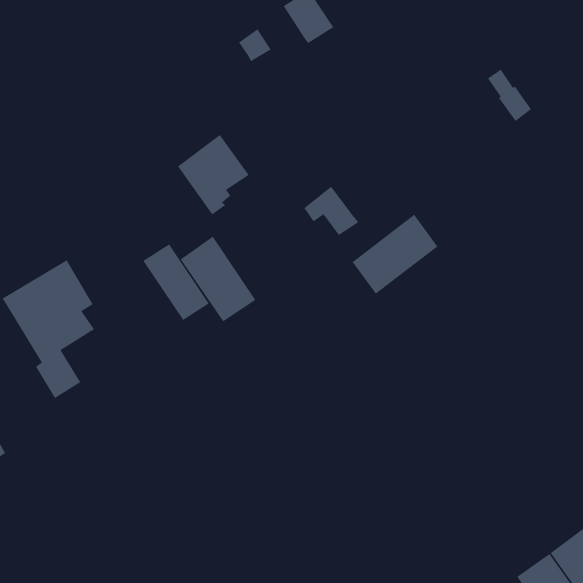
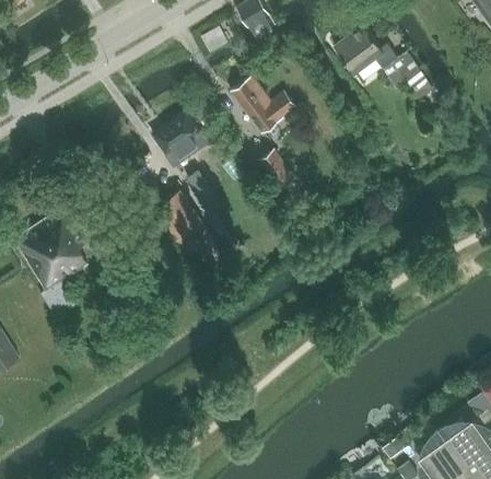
building: none -> [335,24,400,73]
building: none -> [233,79,297,133]
building: [352,214,438,295] -> none
building: [142,244,210,321] -> none

